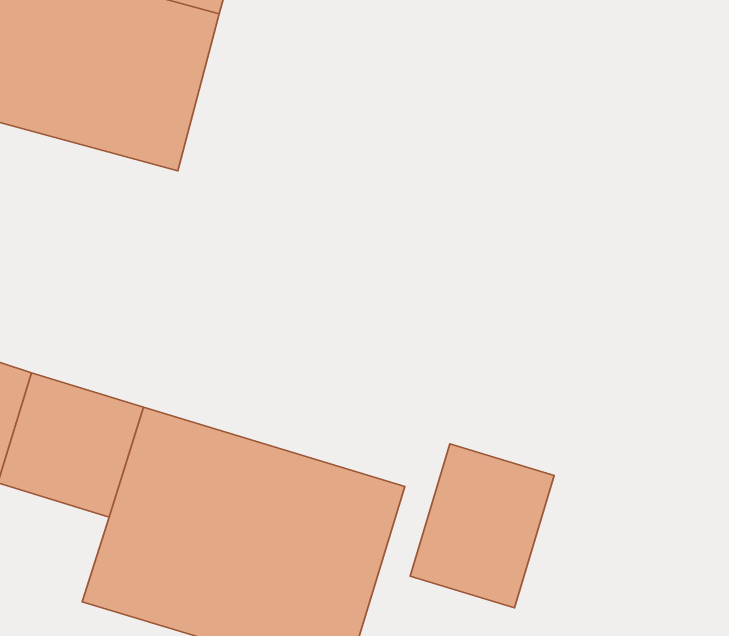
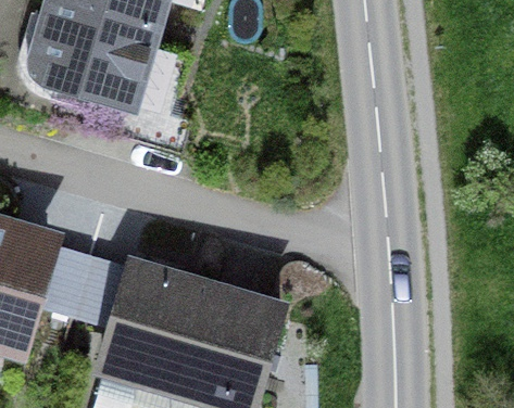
building: [410,444,554,608] -> none

